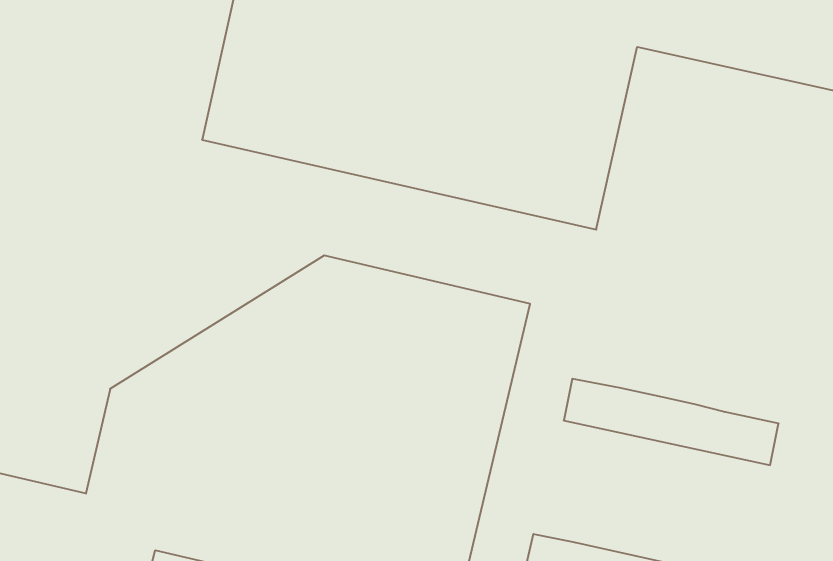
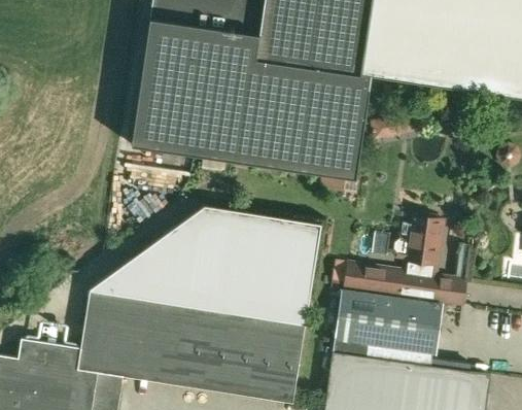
building: none -> [392,215,444,276]
building: none -> [334,291,442,355]

